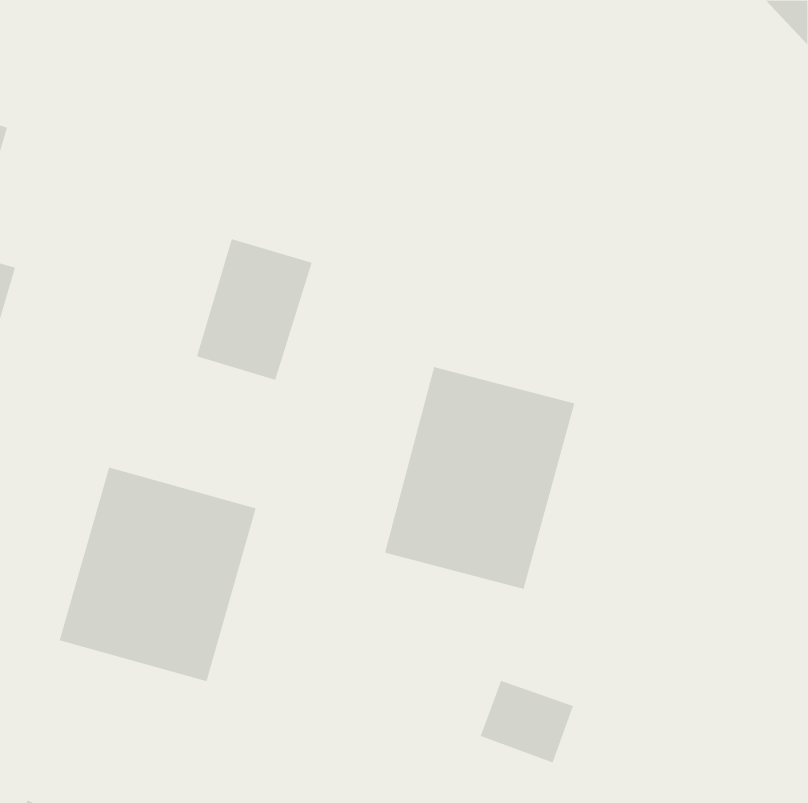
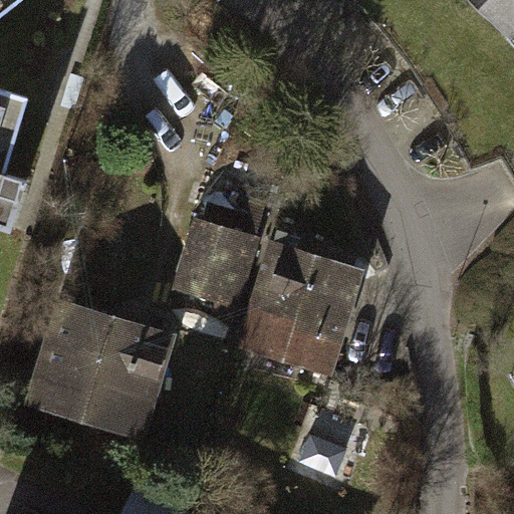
building: [196,239,313,380] -> [179,214,252,303]

